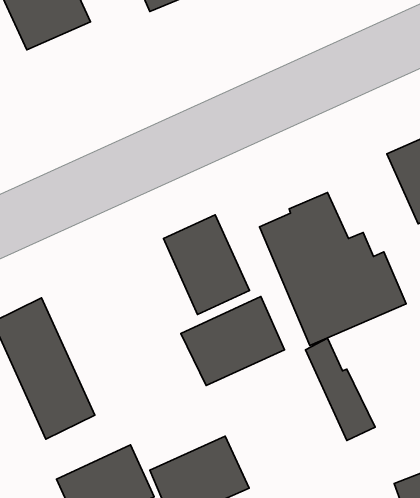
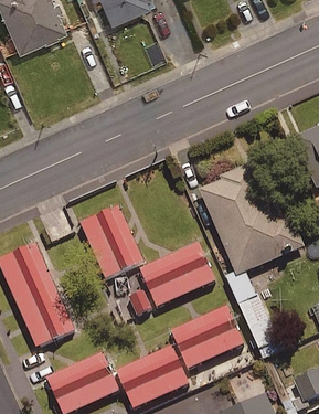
building: [163,215,249,314] -> [77,204,141,278]
building: none -> [170,306,243,369]

